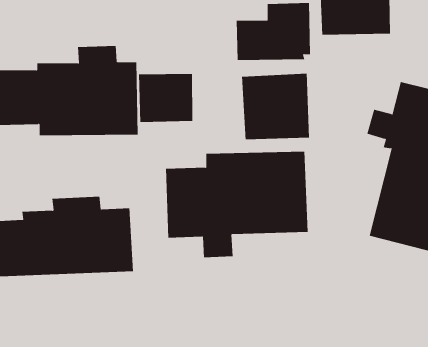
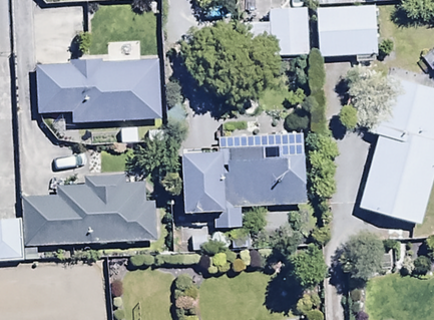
building: [241,73,310,140] -> none
building: [139,73,193,123] -> none

